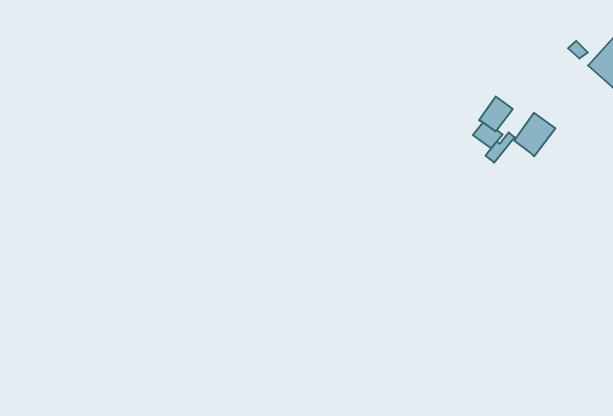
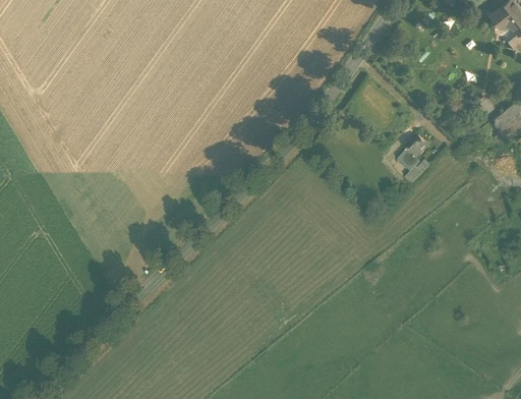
building: [514,113,555,156] -> none

